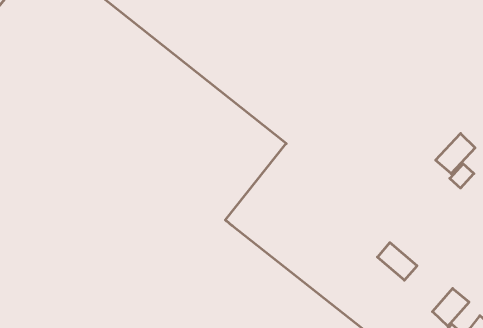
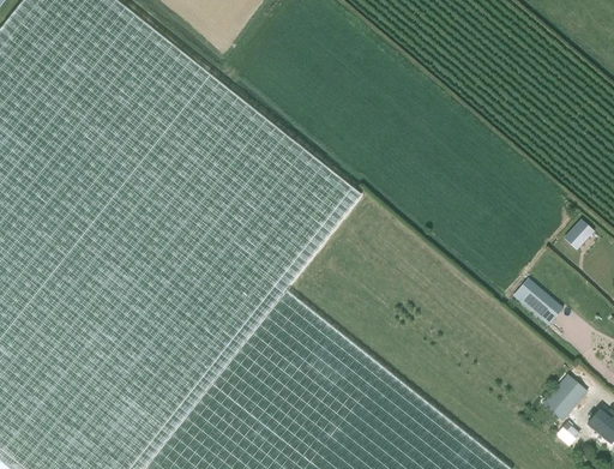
building: [436,133,475,174] -> none
building: [377,243,417,280] -> [513,279,562,326]

